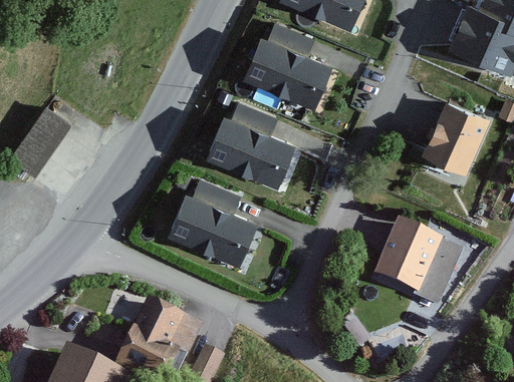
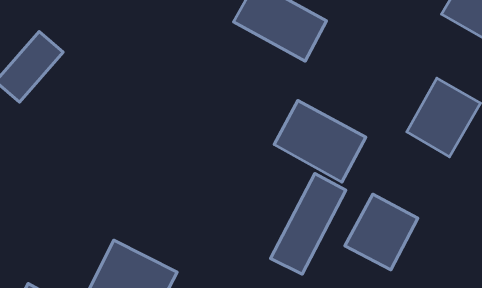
building: [203,108,293,184] -> [274,101,366,182]
building: [170,192,258,264] -> none
building: none -> [270,174,346,274]

